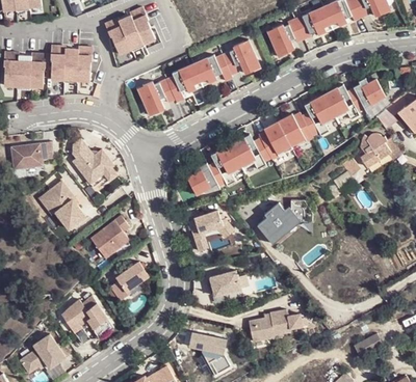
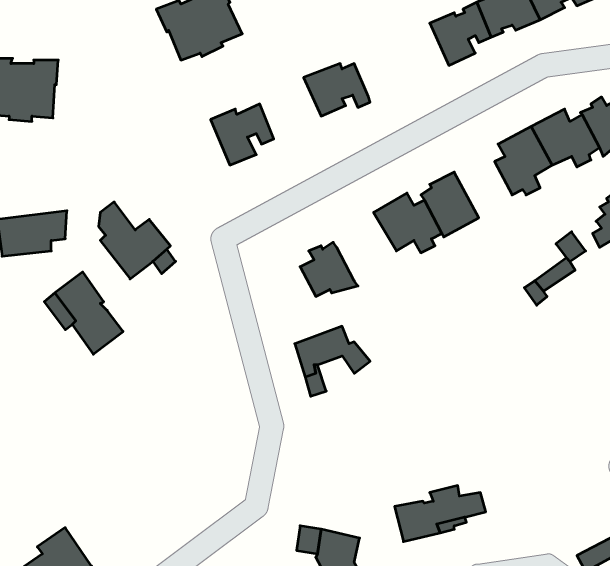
building: [222,42,259,77] -> none
building: [50,47,93,84] -> none
building: [165,65,202,105] -> none
building: [281,112,316,148] -> none
building: [211,145,246,186] -> none
building: [254,200,310,243] -> none
building: [87,217,126,258] -> none
building: [108,262,147,300] -> none
building: [208,271,239,297] -> none
building: [62,298,116,344] -> none

